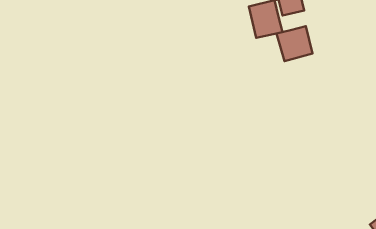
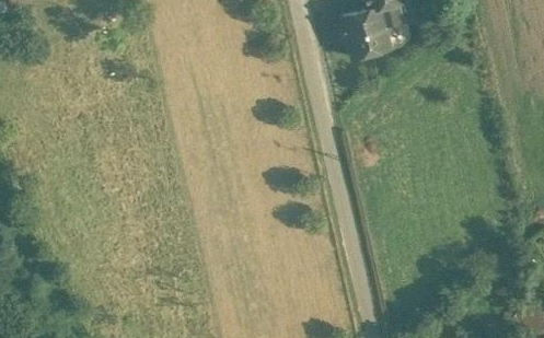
building: [277,26,313,61] -> none

